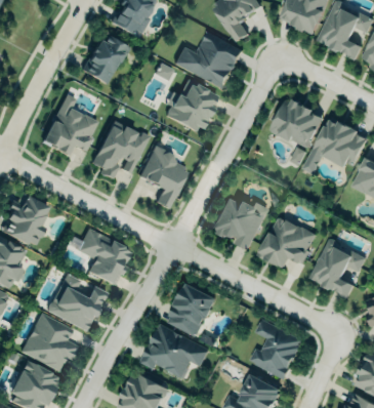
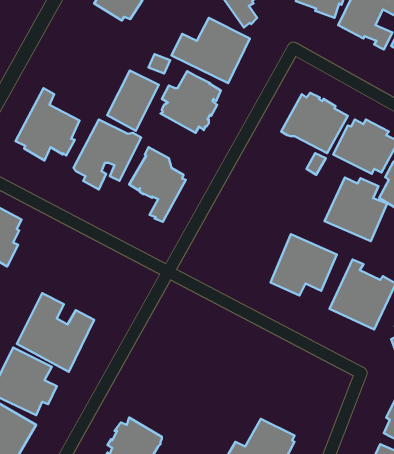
building: [84,35,128,86] -> [107,70,159,131]
building: none -> [325,177,387,241]
building: [213,198,267,252] -> none
building: [69,228,131,285] -> none
building: [168,283,216,336] -> none
building: [249,322,302,380] -> none
building: [136,323,208,382] -> none

